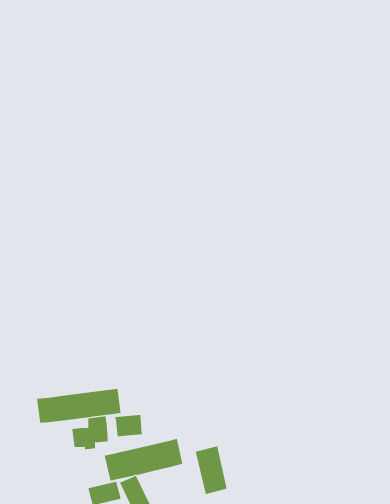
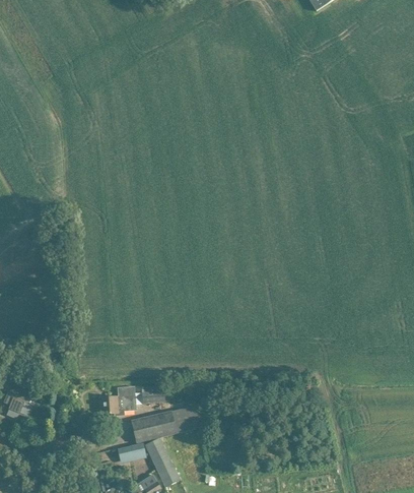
building: [36,388,121,424] -> none
building: [195,446,227,495] -> none

